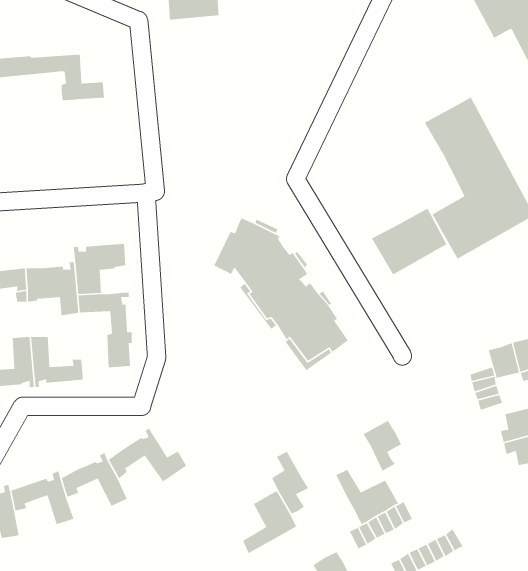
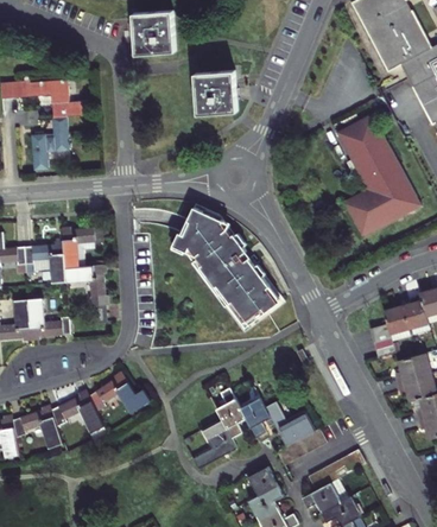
building: none -> [194,71,236,115]
building: none -> [31,116,68,170]
building: [371,207,448,275] -> none
building: [362,420,402,472] -> [239,399,270,439]

